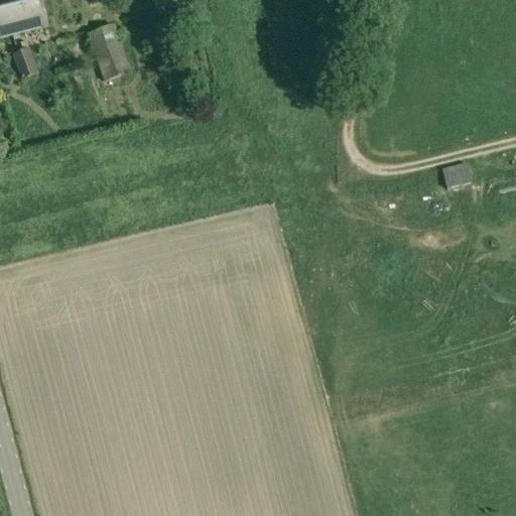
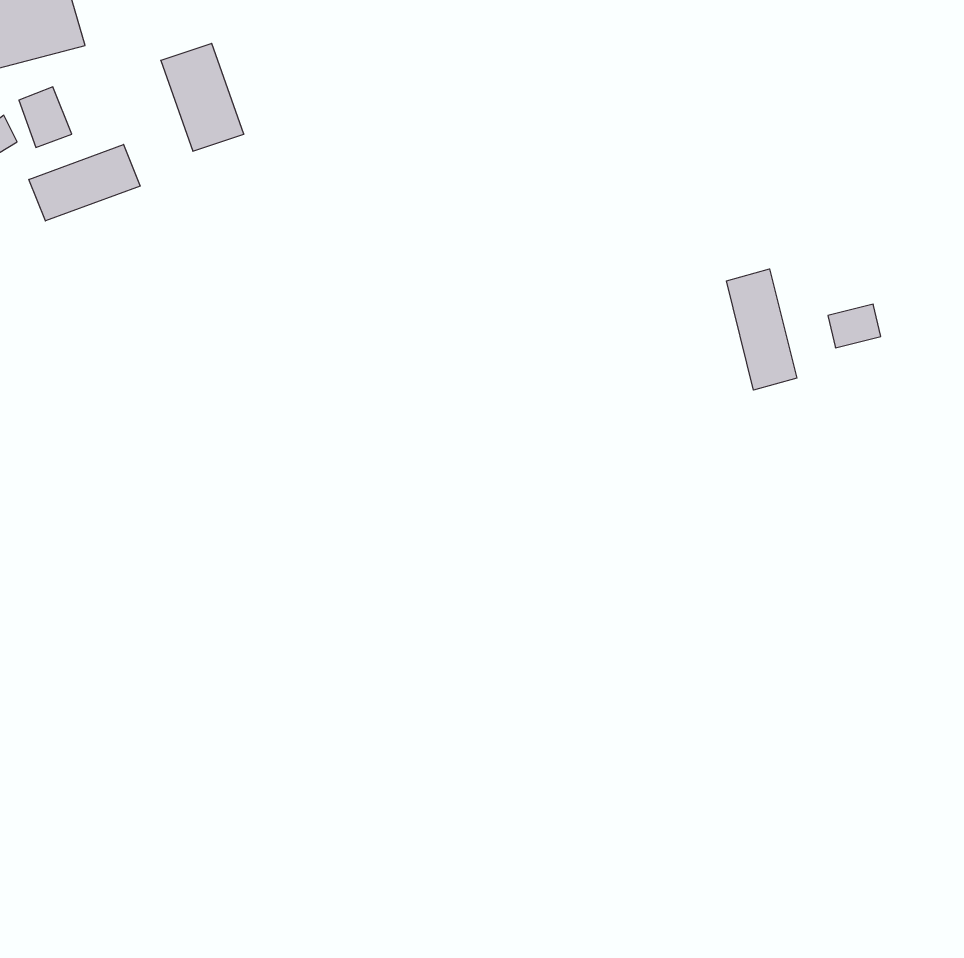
building: none -> [29,144,140,221]
building: none -> [726,269,797,390]

